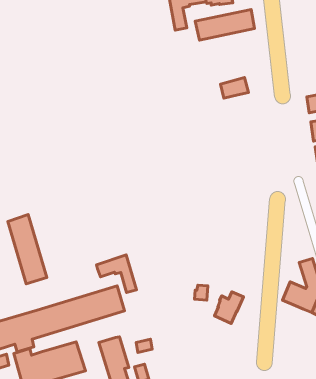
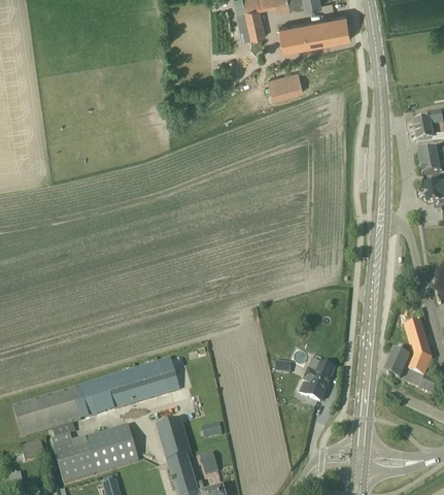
building: [220,77,249,98] -> [267,70,302,96]
building: [8,215,47,284] -> none
building: [96,255,136,292] -> none

